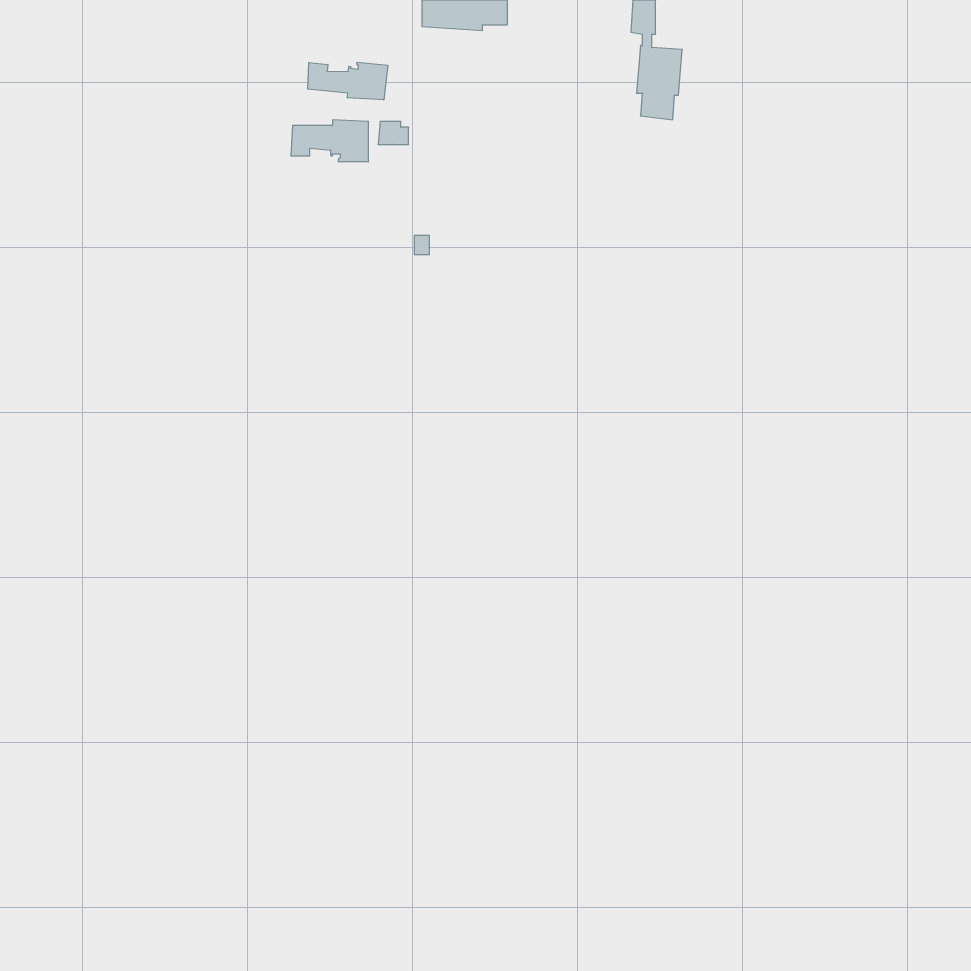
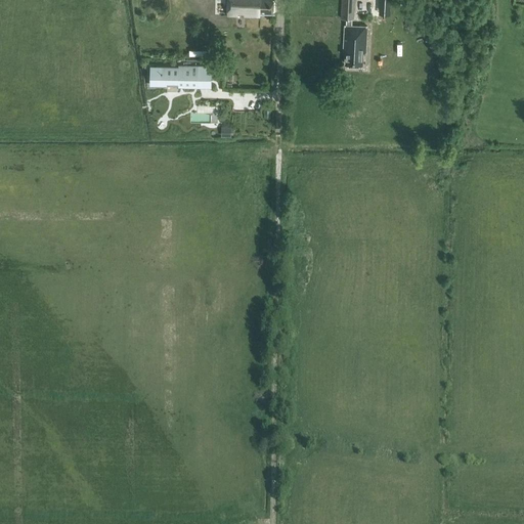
building: [308,62,388,100] -> none

